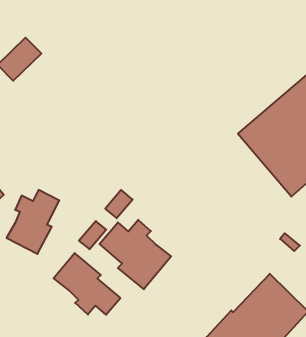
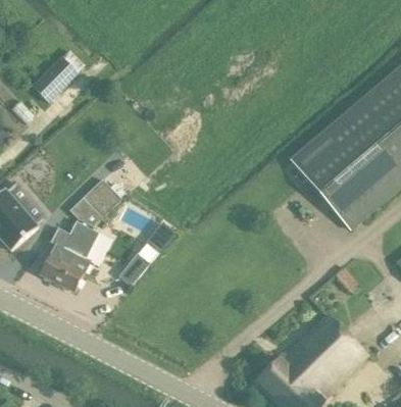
building: none -> [68,179,121,226]
building: [100,220,171,289] -> none
building: [54,253,120,315] -> none

